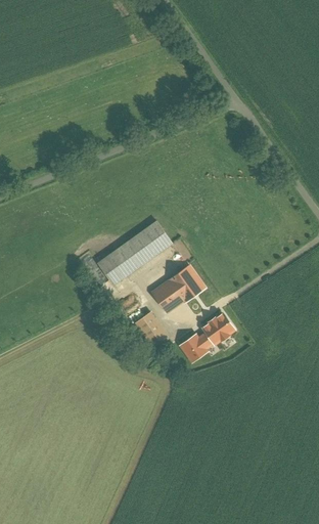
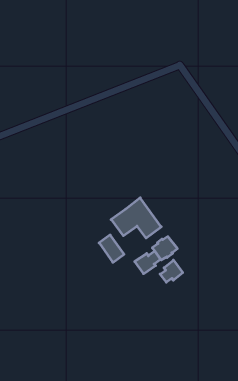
building: [97,220,172,285] -> none
building: none -> [160,260,183,282]

